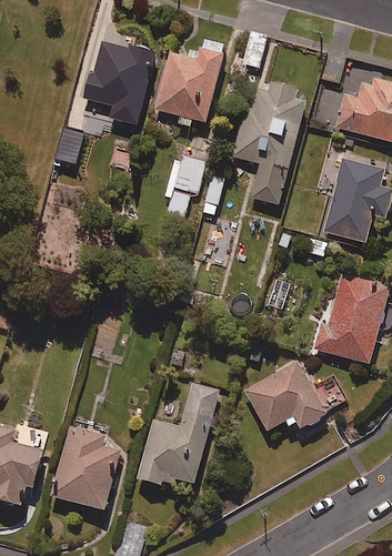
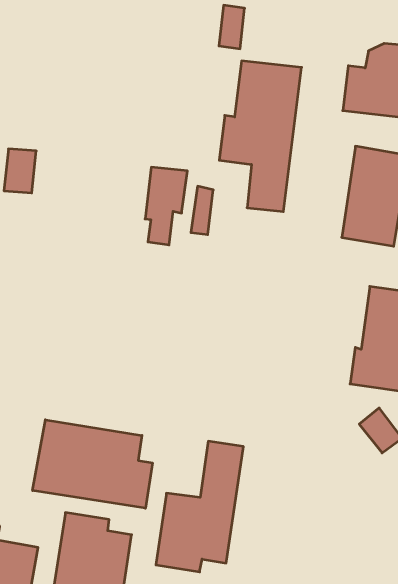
building: [83,39,152,124] -> none
building: [151,44,222,123] -> none
building: none -> [33,420,152,508]
building: [243,362,326,439] -> none

